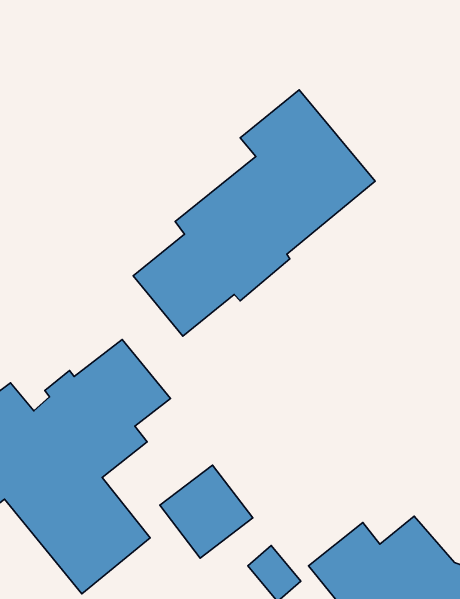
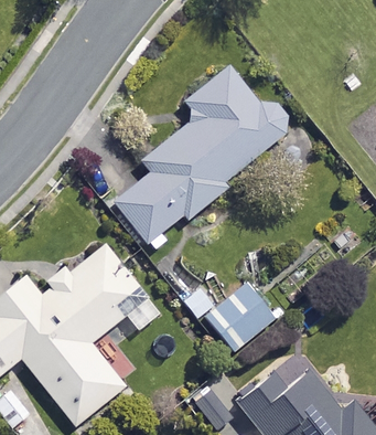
building: [160,465,253,558] -> [210,282,276,348]

